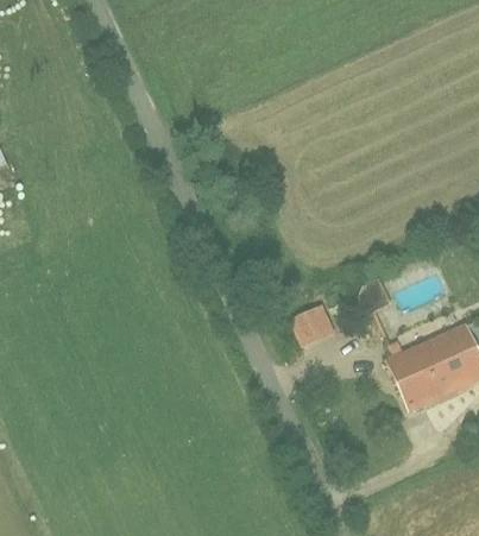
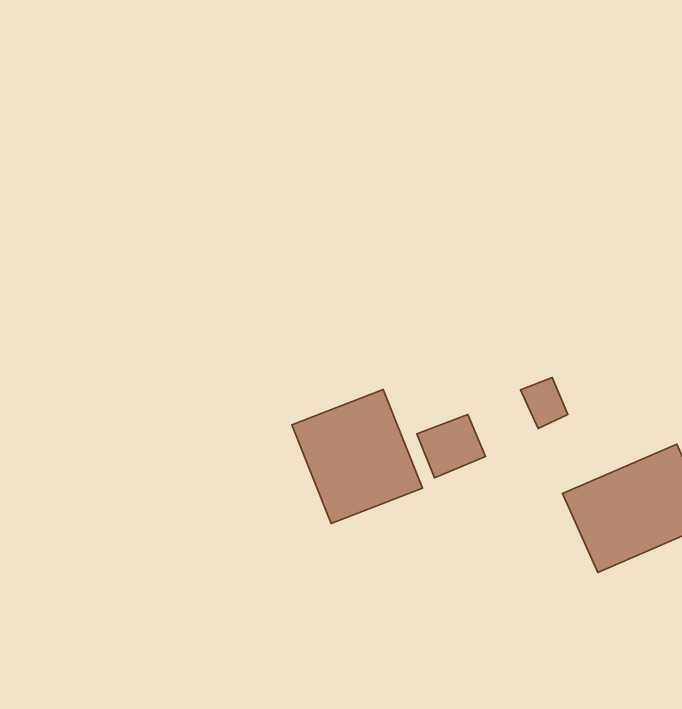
building: none -> [292,389,423,524]

